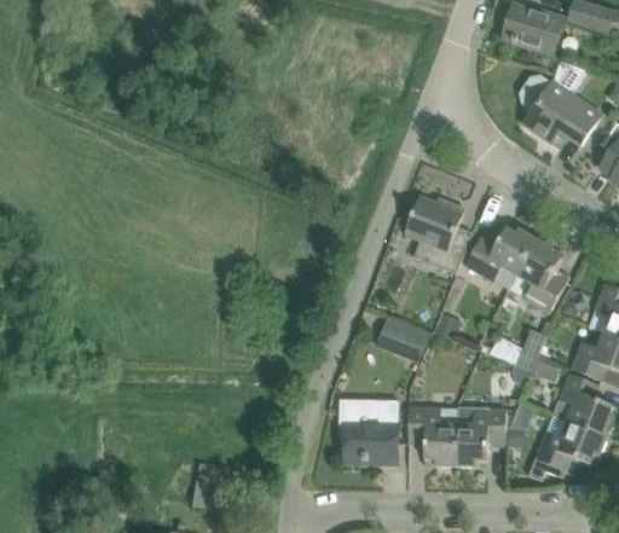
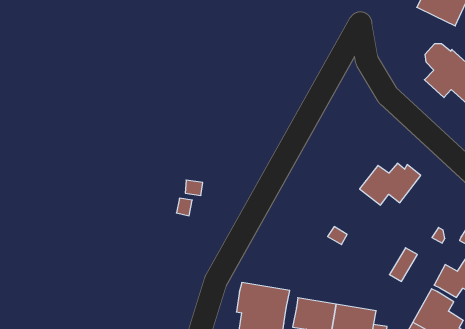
building: [404,195,473,273] -> none
building: [516,238,567,312] -> none
building: [378,317,427,354] -> none

